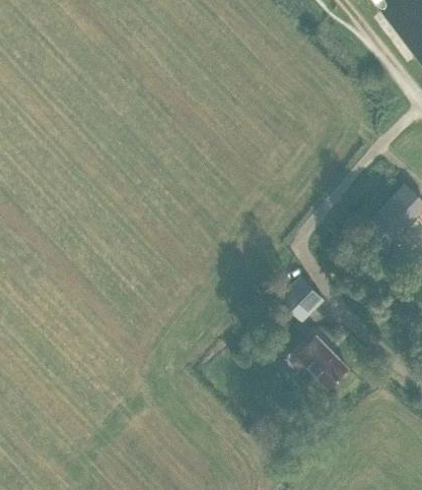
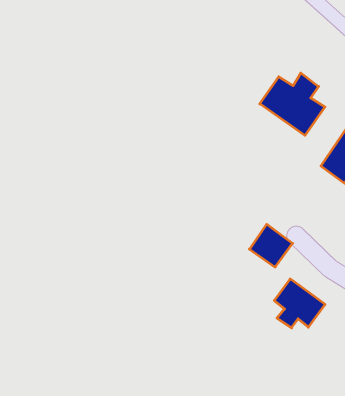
building: none -> [260,73,325,135]

